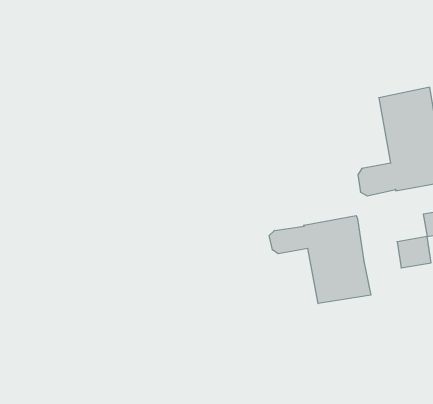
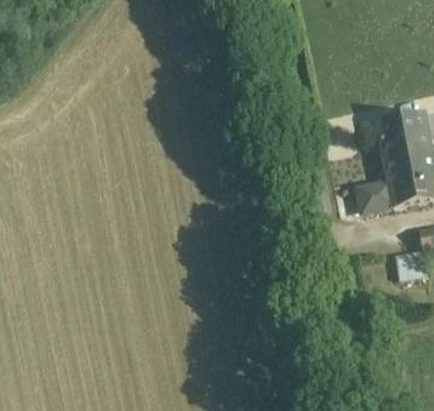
building: [269,216,371,304] -> none

